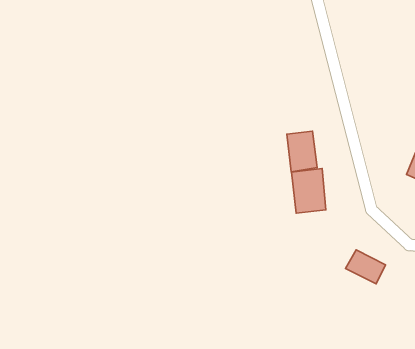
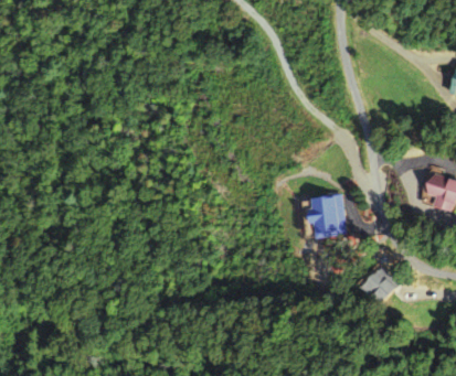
building: [287,131,317,172] -> none

